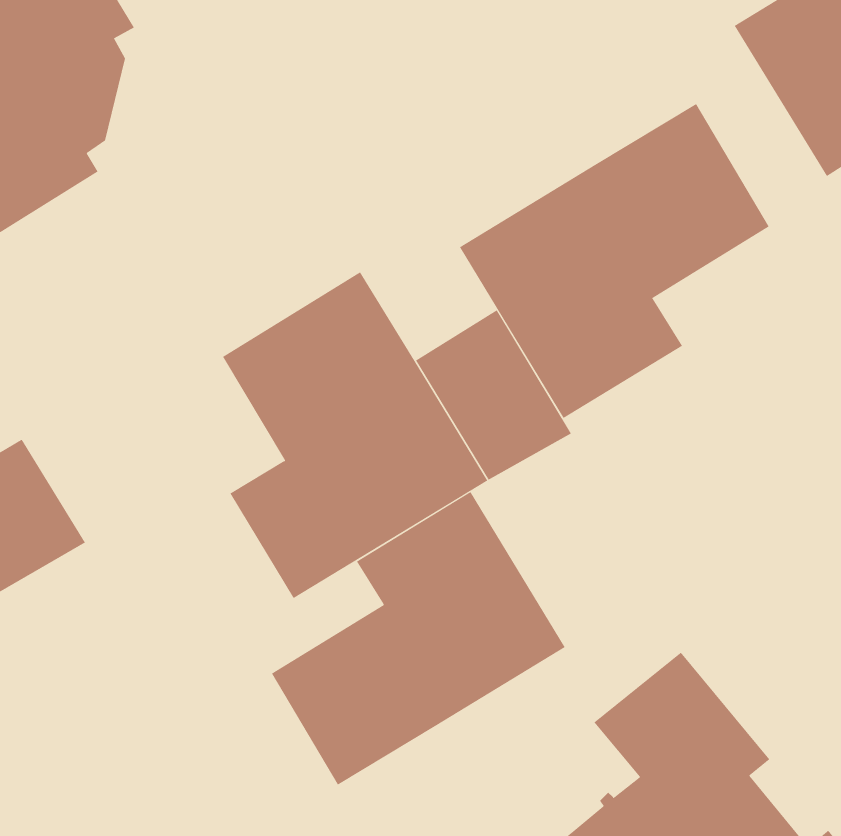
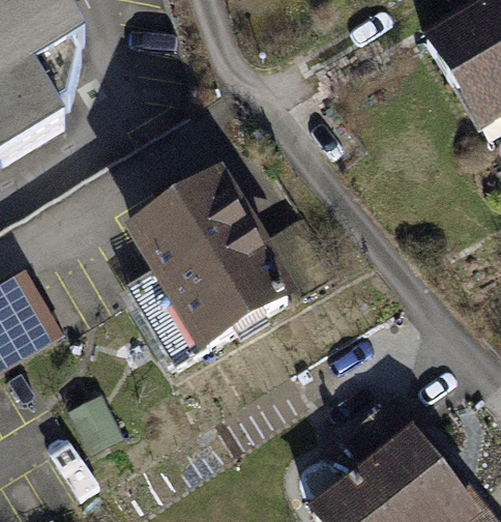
building: [459,103,770,419] -> none
building: [271,491,565,786] -> none

